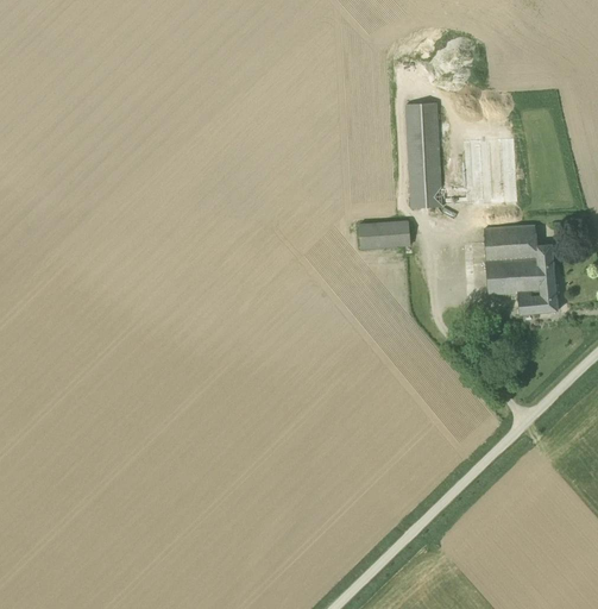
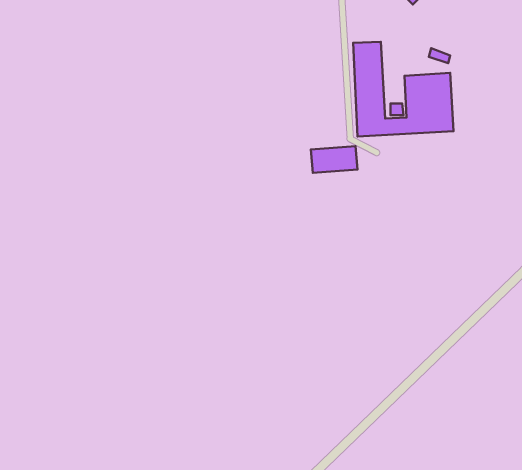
building: [484,225,558,313] -> none

